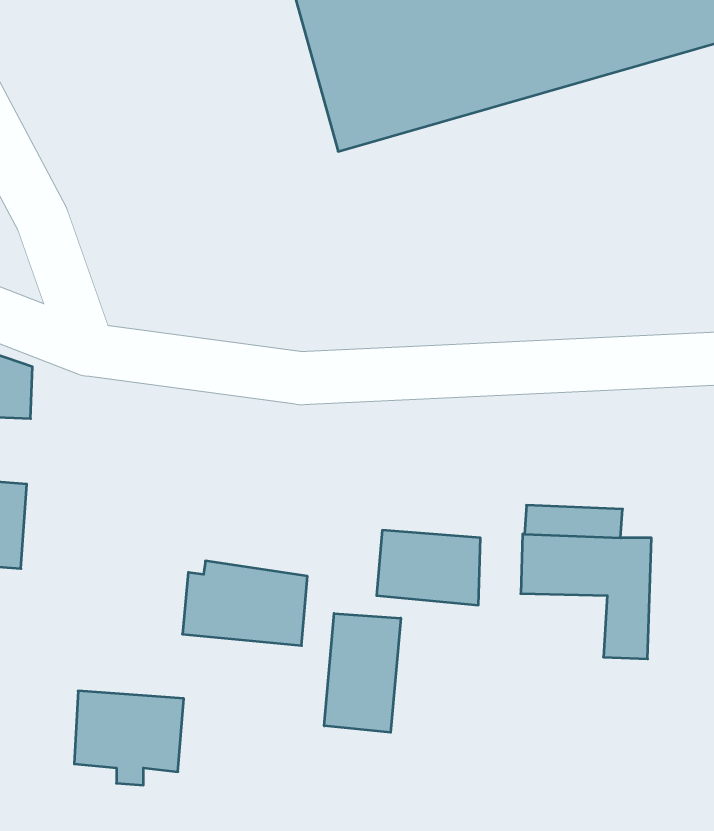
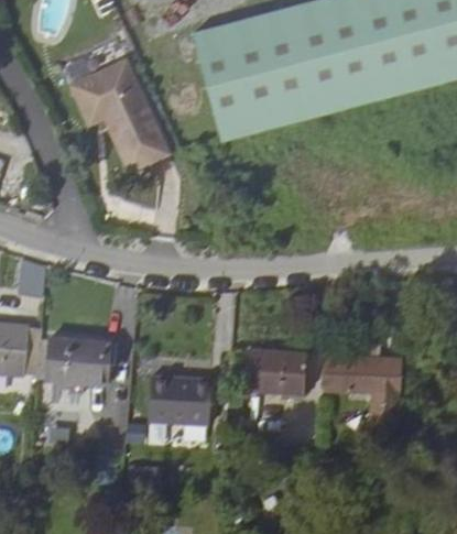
building: none -> [61,57,167,172]
building: [324,613,401,732] -> none
building: [74,691,184,785] -> [50,346,112,400]

